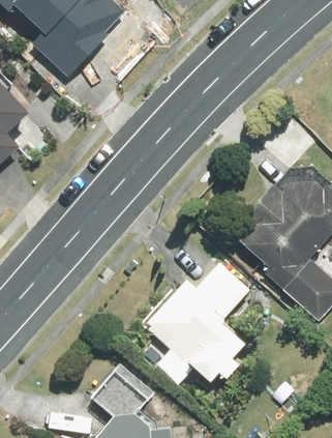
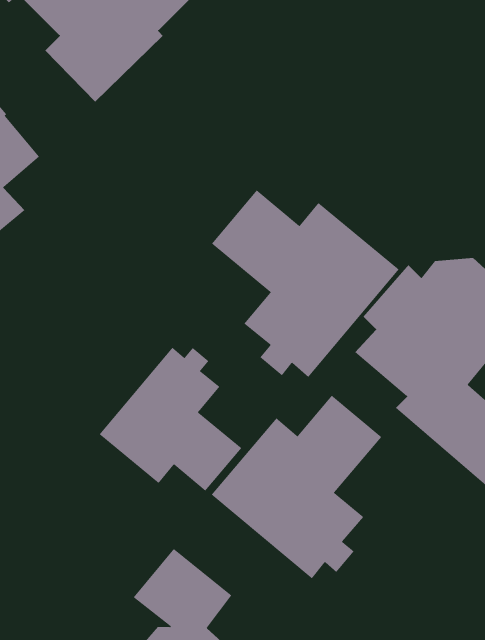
building: none -> [211,190,399,378]
building: none -> [99,347,242,492]

